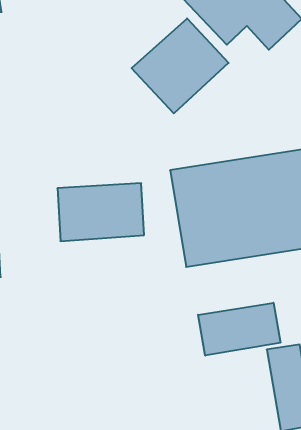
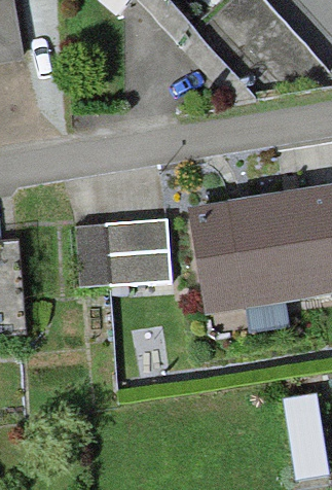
building: [132,18,229,113] -> none
building: [198,303,280,356] -> none

